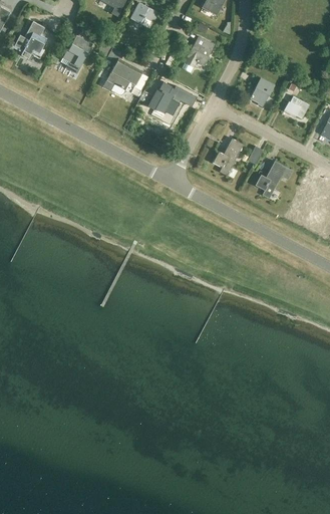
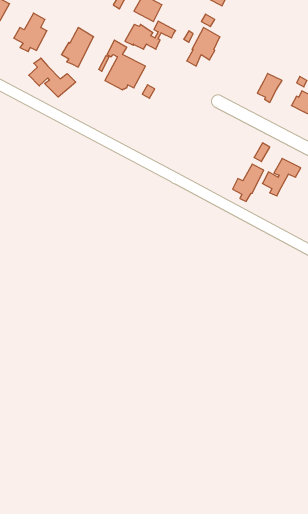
building: none -> [29,58,76,97]
building: [146,85,196,112] -> [125,21,176,49]
building: [213,138,243,174] -> [233,164,264,201]

